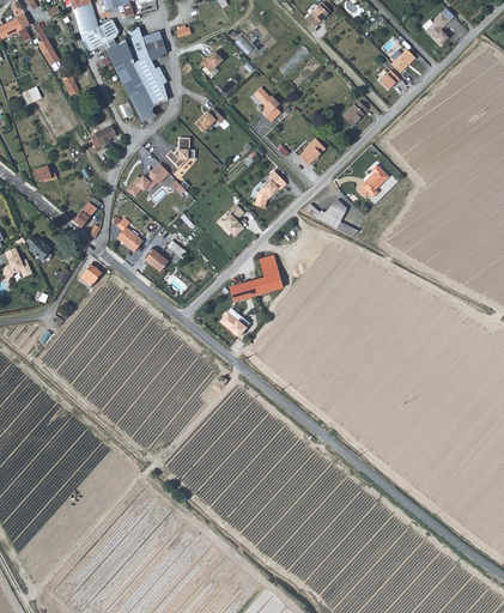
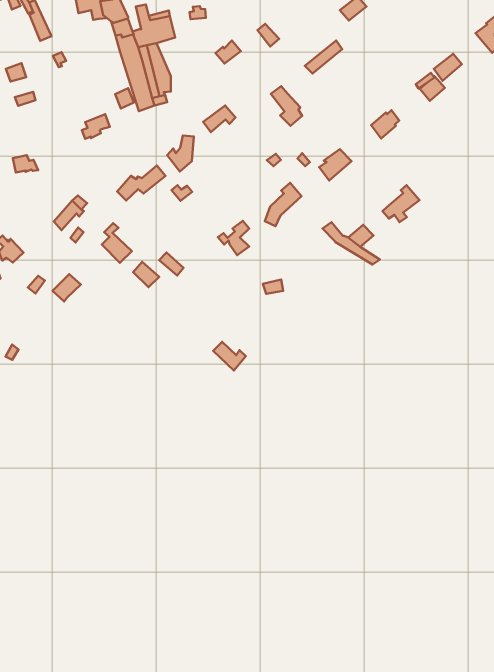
building: [229,268,281,302] -> none

